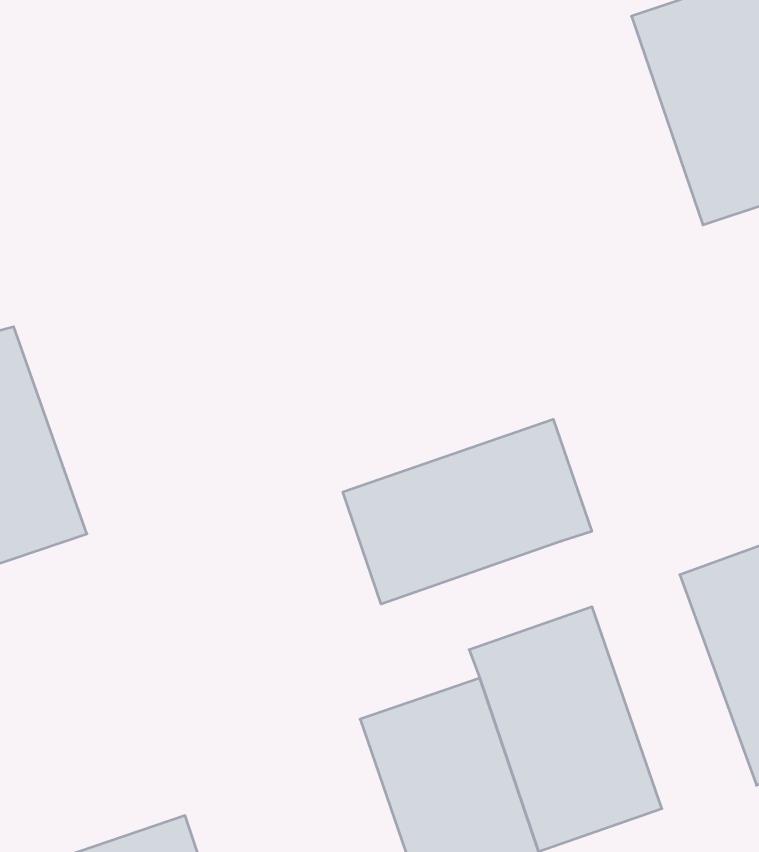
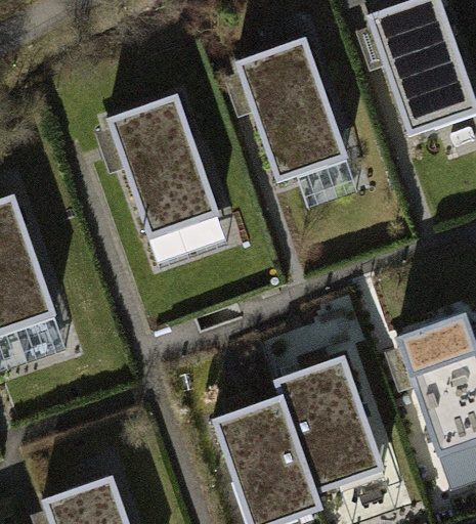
building: none -> [236,42,349,186]
building: none -> [106,94,219,239]
building: [343,419,592,604] -> none

